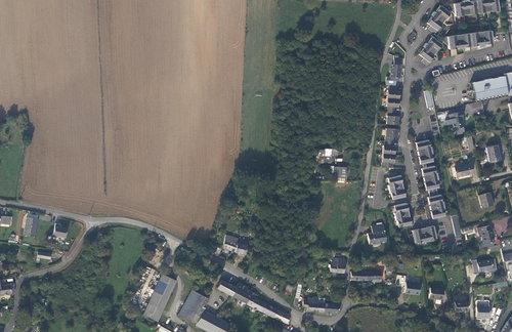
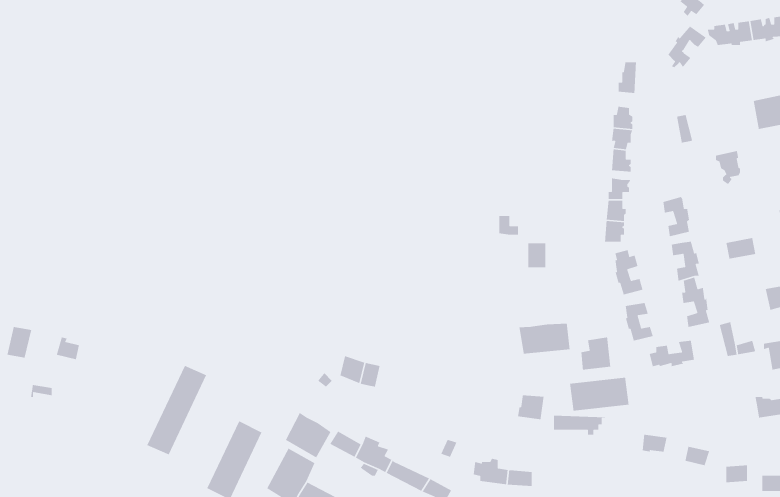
building: none -> [519,323,570,354]
building: none -> [146,365,207,456]
building: none -> [569,377,629,411]
building: none -> [285,412,331,459]

